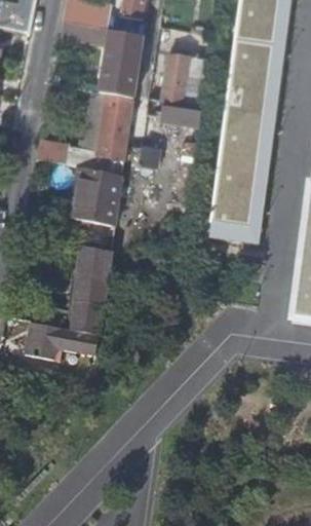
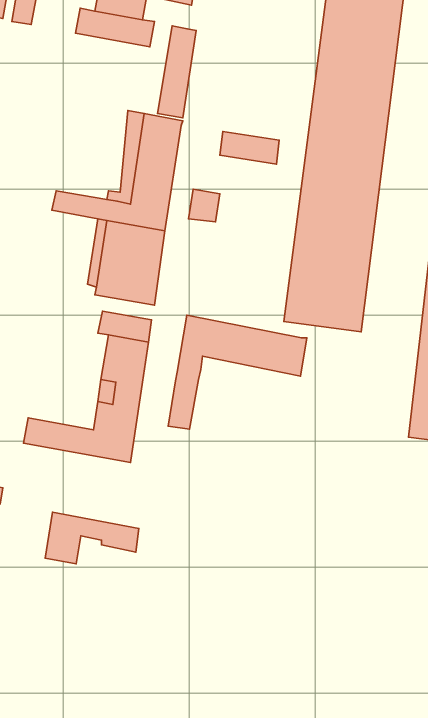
building: [159,52,189,102] -> none
building: none -> [168,315,307,429]
building: [34,323,99,359] -> [45,512,139,564]

